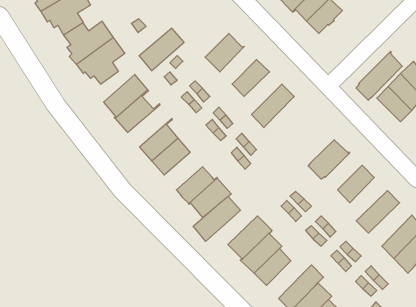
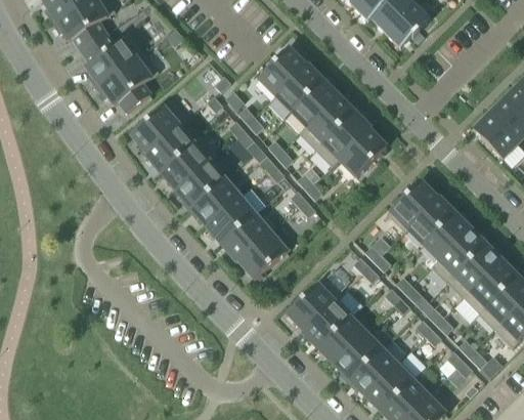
building: [139,28,184,71] -> [161,137,217,191]
building: none -> [276,65,322,112]
building: [356,51,402,100] -> none
building: none -> [300,96,354,150]
building: none -> [332,127,386,177]
building: none -> [408,198,454,244]
building: none -> [432,228,486,283]
building: [193,196,241,241] -> [207,187,266,244]
building: none -> [463,260,517,314]
building: none -> [335,333,381,380]

